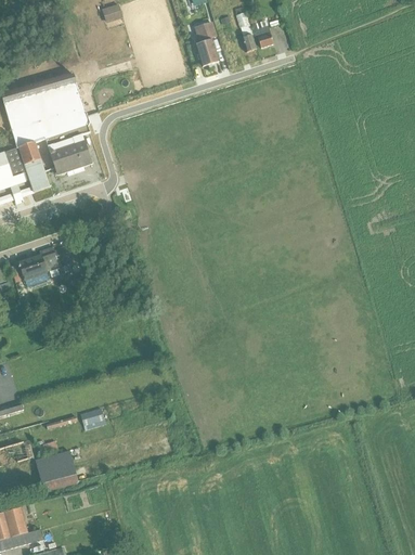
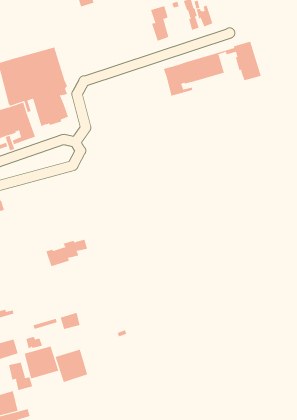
building: none -> [163,41,262,97]
building: [16,246,69,281] -> [46,239,88,267]
building: none -> [55,349,88,383]
building: none -> [9,362,33,391]

